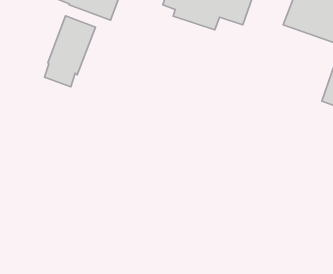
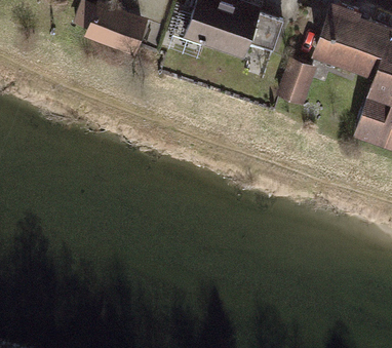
building: [44,16,95,87] -> none
building: none -> [280,60,313,102]

